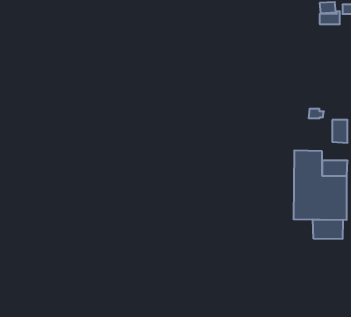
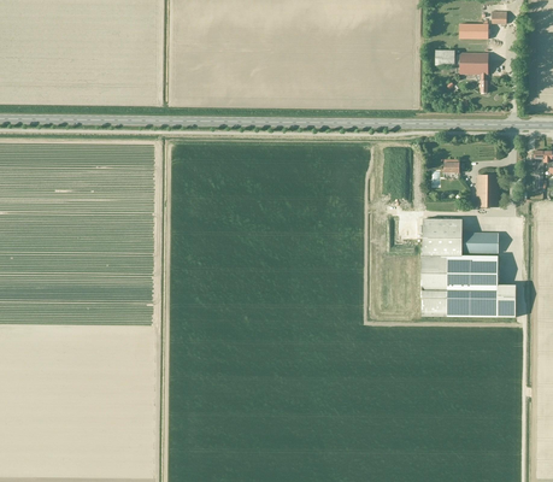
building: none -> [436,51,488,80]
building: [313,219,343,239] -> none

